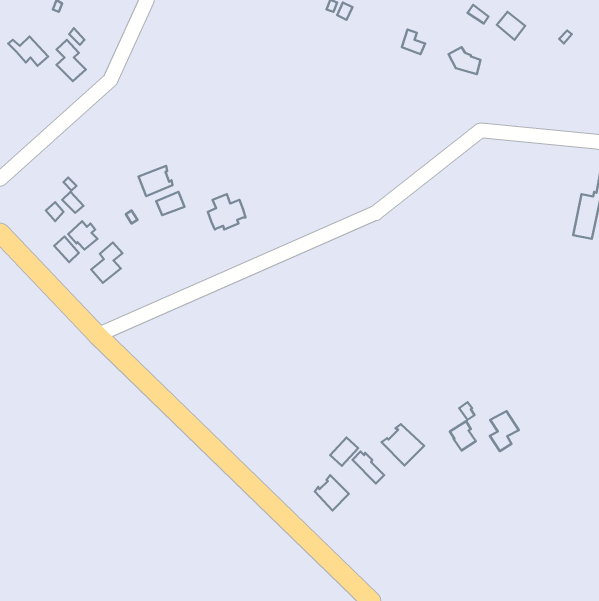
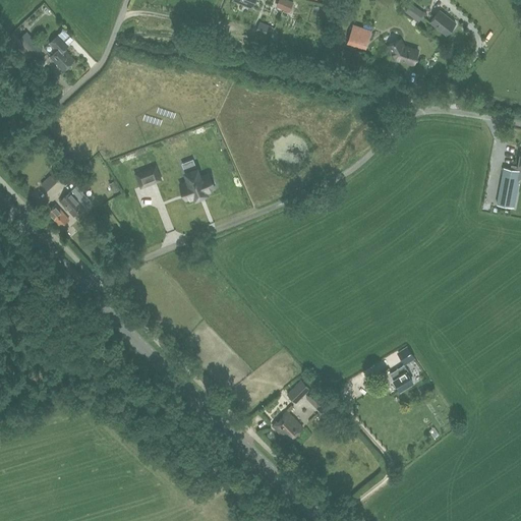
building: [138,166,172,196] -> none
building: [91,243,122,283] -> none
building: [490,411,519,451] -> none
building: [381,424,424,466] -> none

